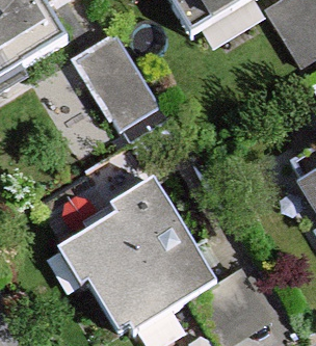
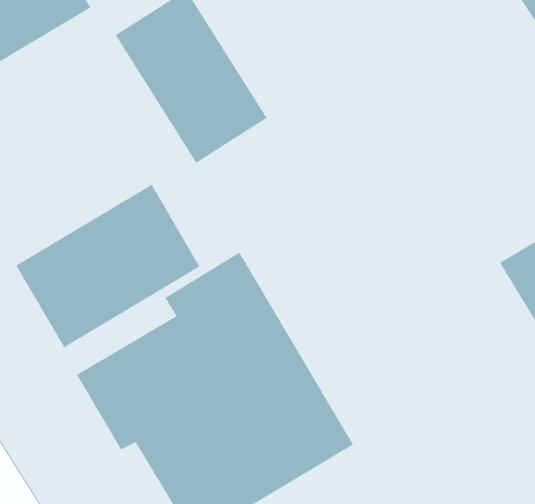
building: none -> [16,184,200,348]

